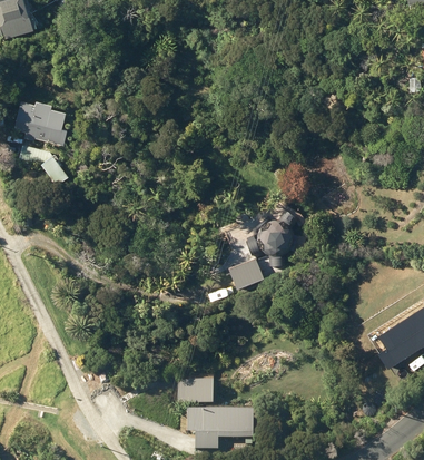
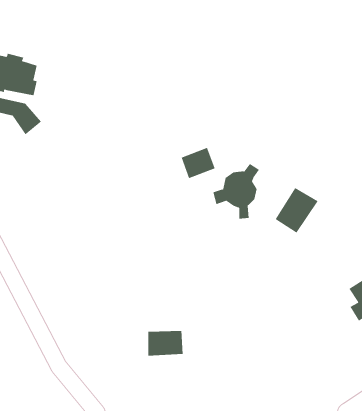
building: none -> [275,187,318,234]
building: [227,258,262,290] -> [181,147,216,179]
building: [186,407,254,448] -> none

